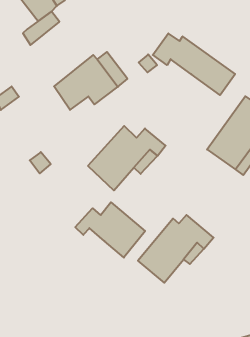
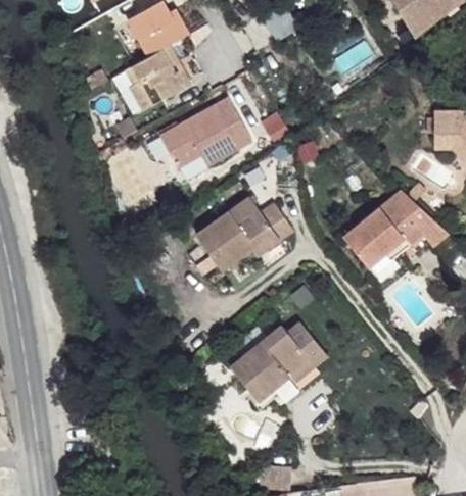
building: none -> [134,56,190,106]
building: [153,33,235,95] -> none
building: [75,202,145,258] -> none

